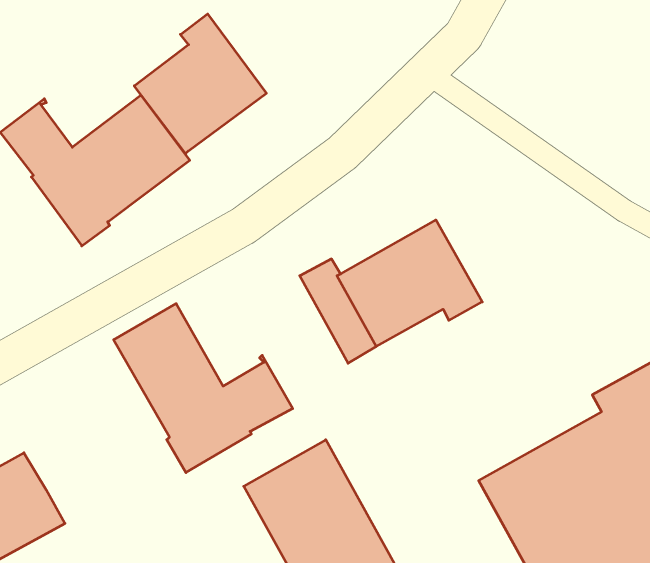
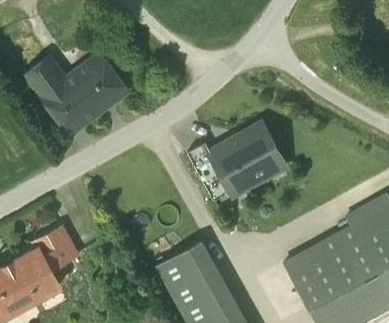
building: [134,14,266,154] -> none
building: [114,304,293,473] -> none
building: none -> [34,229,75,270]

